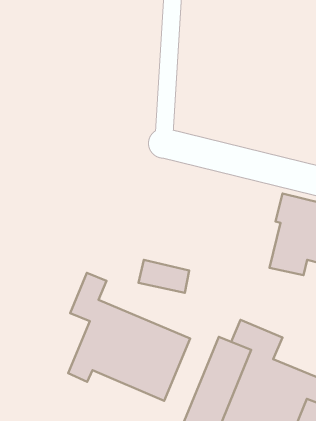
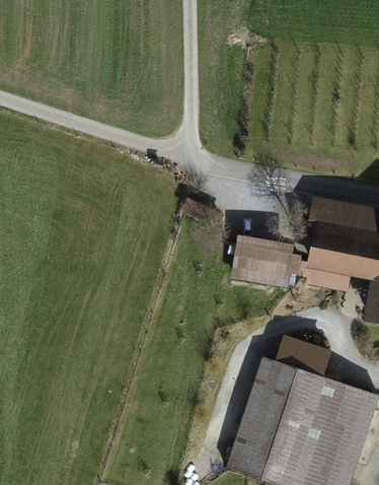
building: [138,260,189,293] -> [235,243,287,274]
building: [68,273,190,401] -> none

